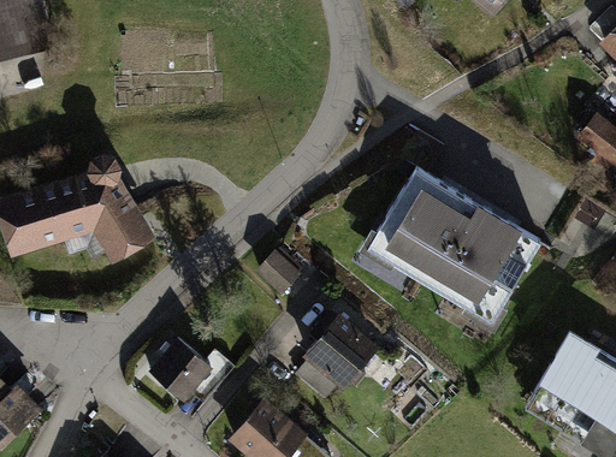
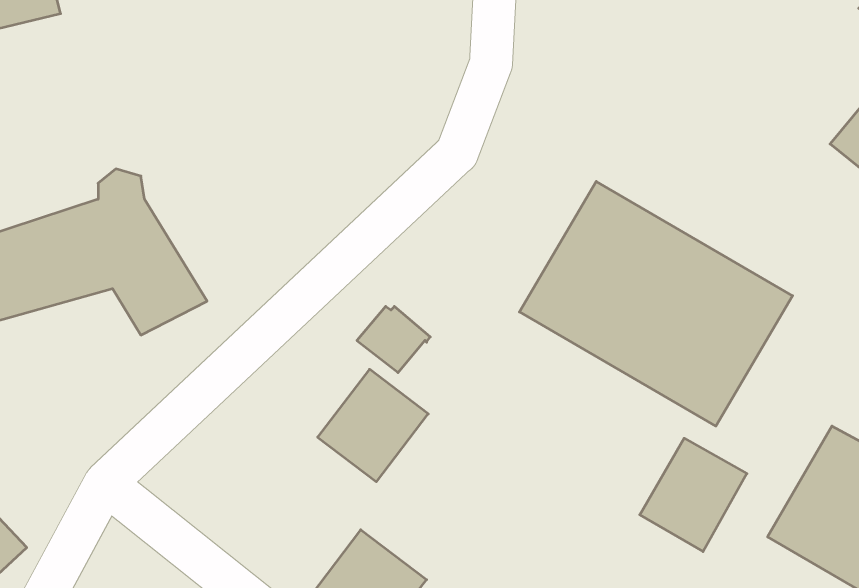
building: [300,316,374,392] -> [318,369,428,482]
building: none -> [640,438,747,552]
building: [146,340,212,406] -> none

